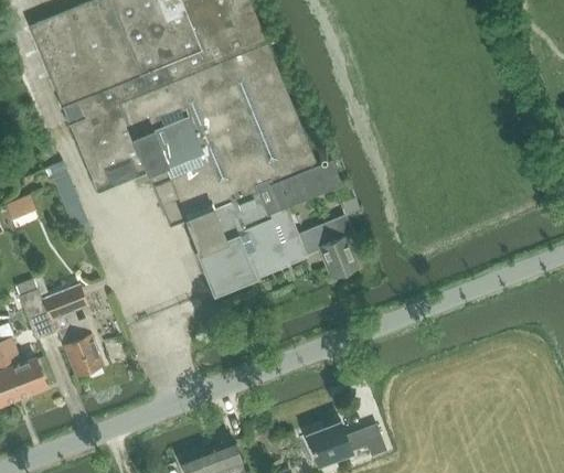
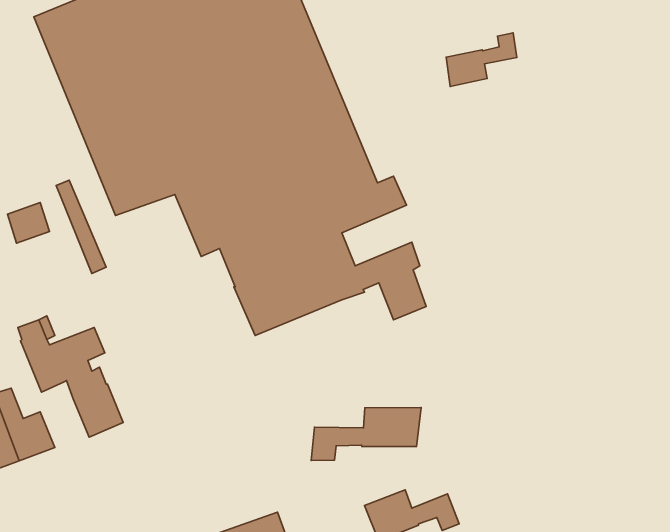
building: none -> [446,33,517,86]
building: none -> [311,408,421,460]

